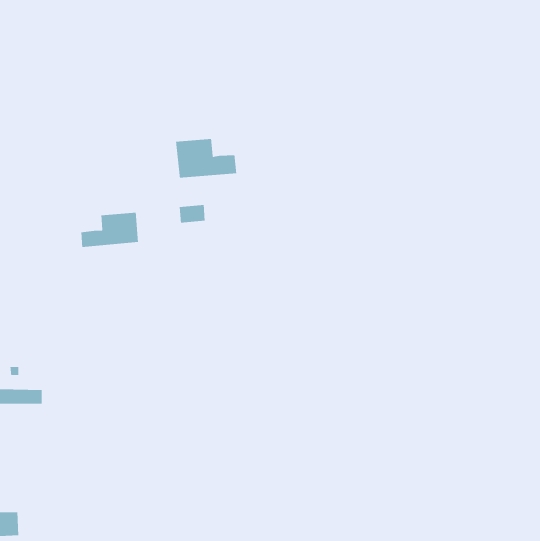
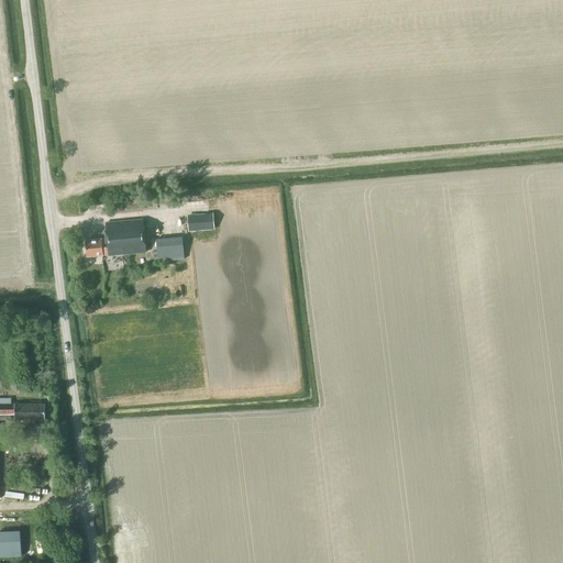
building: [175,138,237,179] -> none
building: none -> [156,238,180,260]

